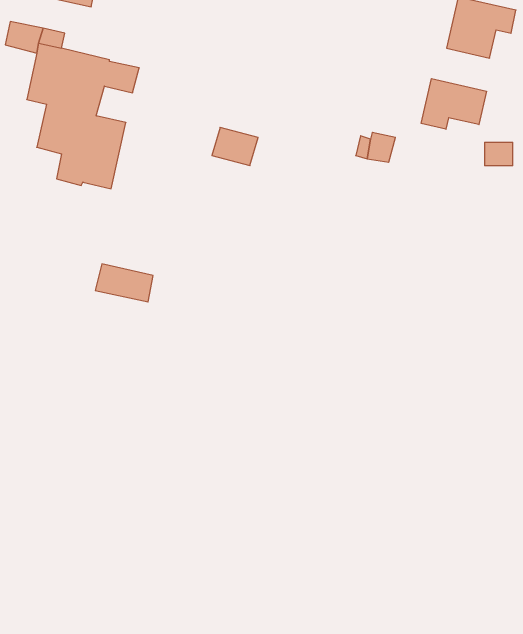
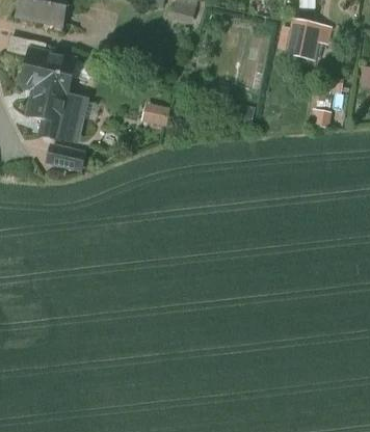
building: [421,79,486,129] -> none
building: [95,264,153,302] -> [48,144,84,168]

